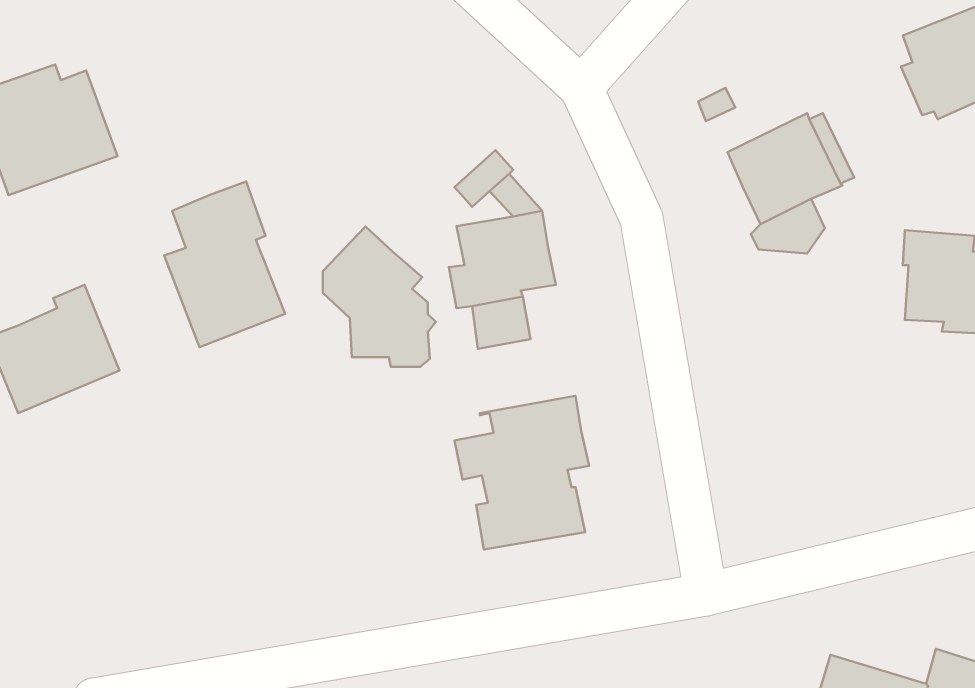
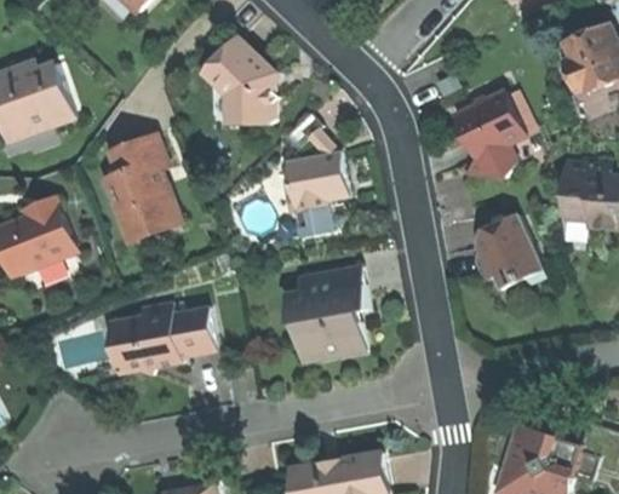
building: [323,227,436,367] -> [207,38,277,125]
building: none -> [472,214,539,289]
building: none -> [109,303,216,374]

